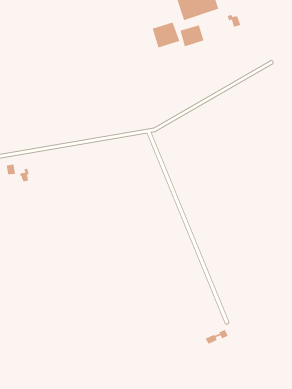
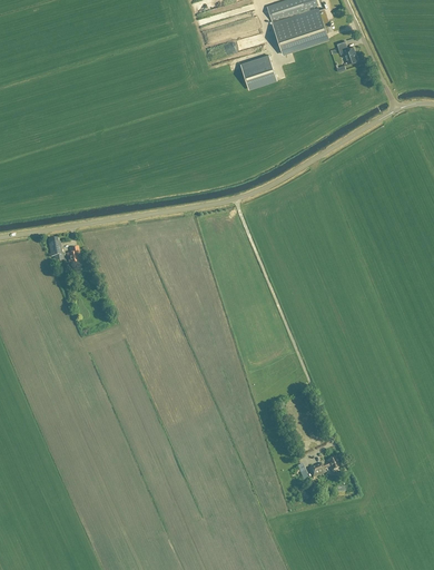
building: [180,24,204,47] -> none

